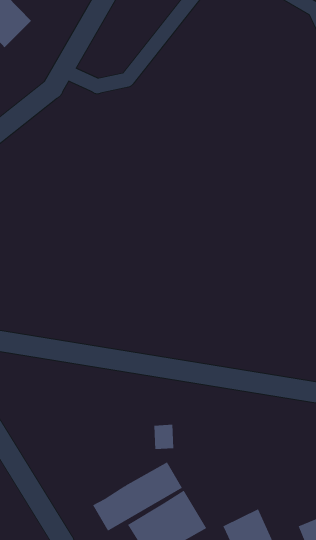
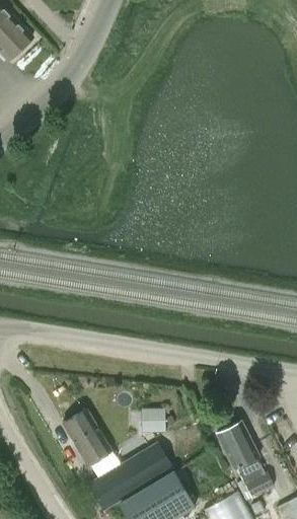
building: none -> [62,411,119,479]
building: none -> [216,422,274,499]

